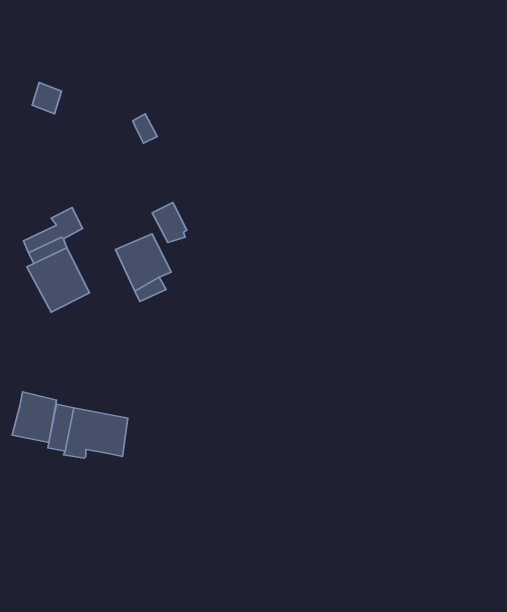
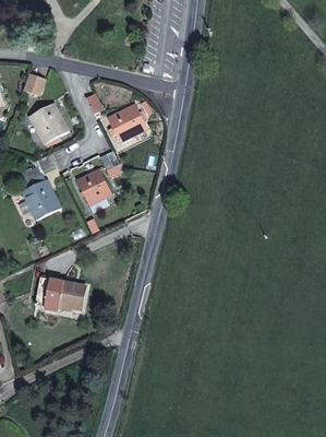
building: none -> [28,103,68,144]
building: none -> [106,104,147,143]
building: [12,392,56,442] -> none

